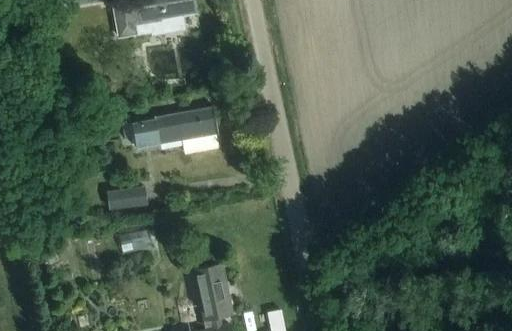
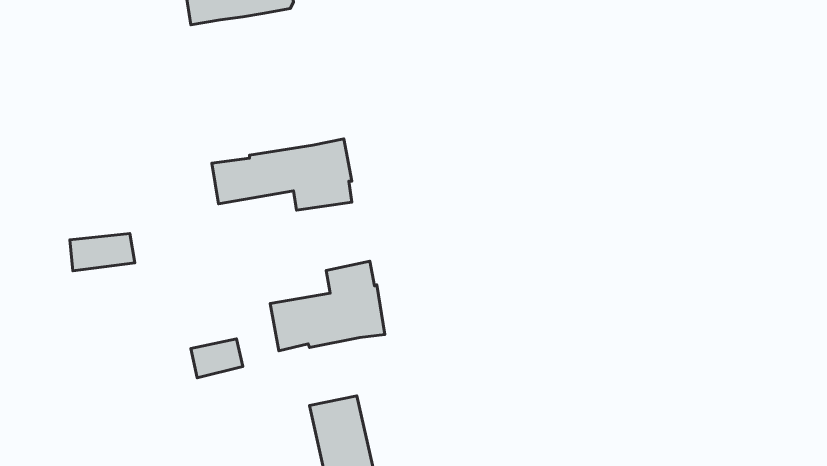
building: none -> [270,261,385,351]
building: [106,185,146,208] -> [70,233,135,271]

